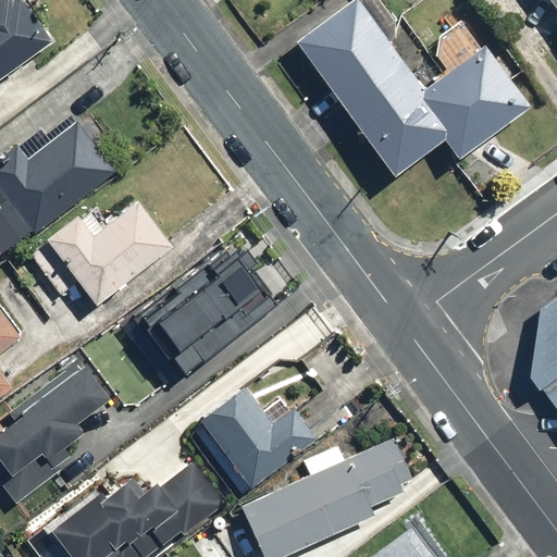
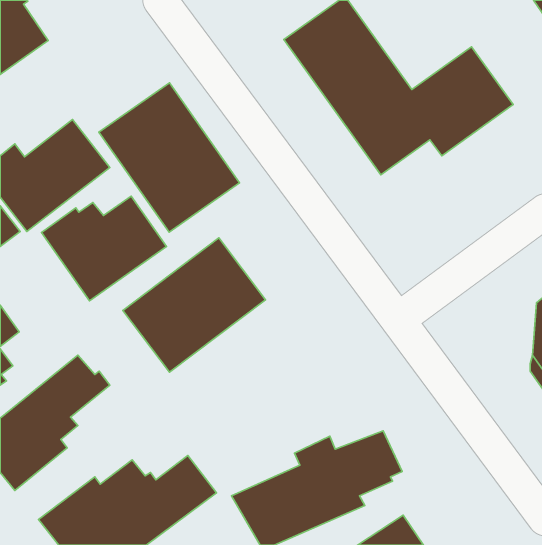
building: none -> [99,83,240,232]
building: [200,387,315,487] -> none

